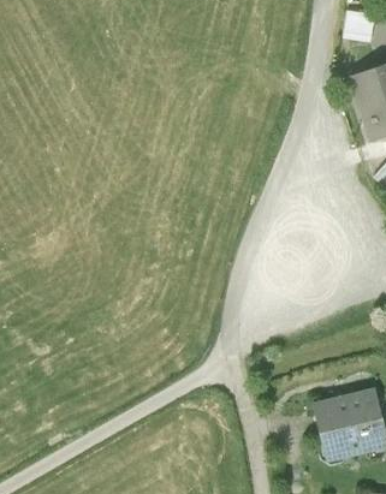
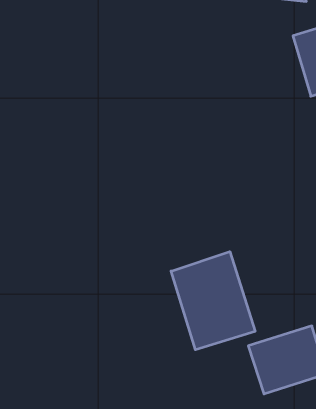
building: none -> [171,252,255,350]

